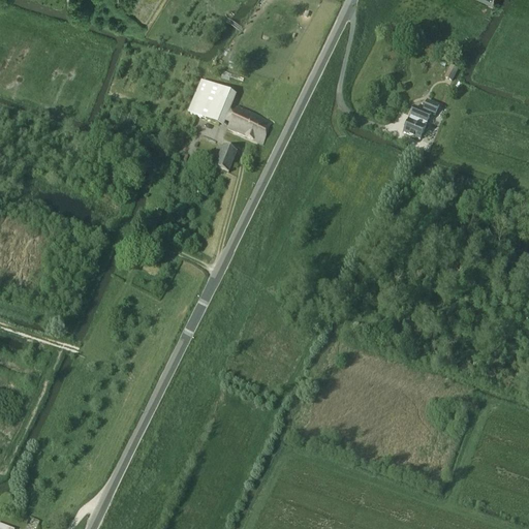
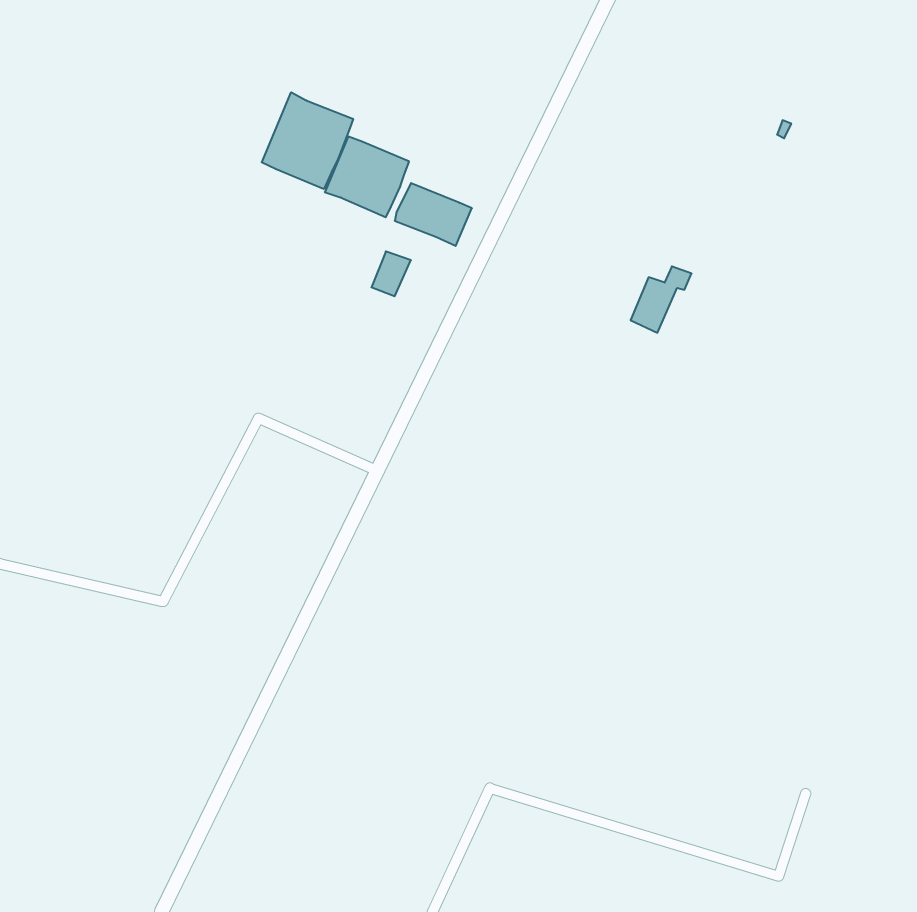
building: none -> [262,92,353,189]
building: [404,99,439,137] -> [631,266,692,333]

